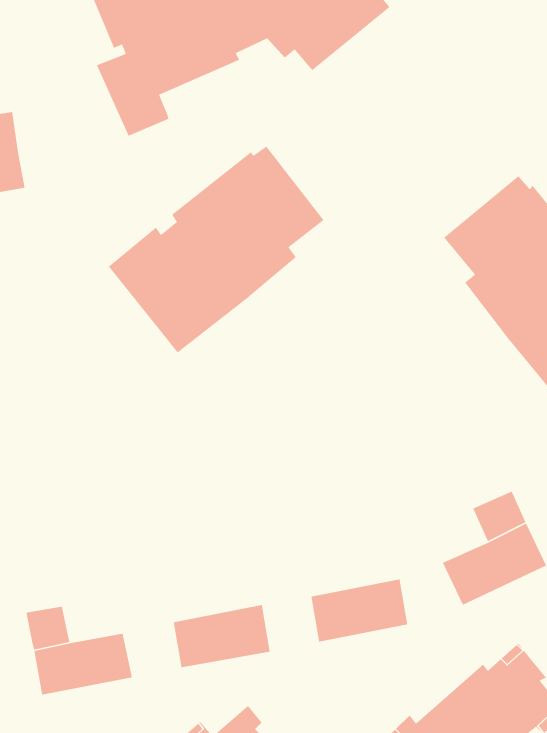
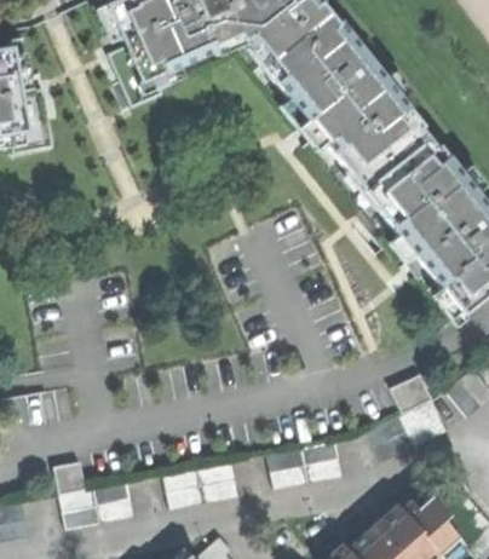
building: none -> [270,10,426,184]
building: [108,145,325,353] -> none

